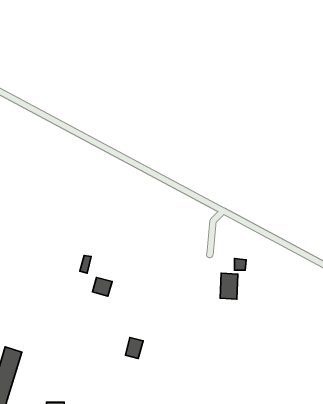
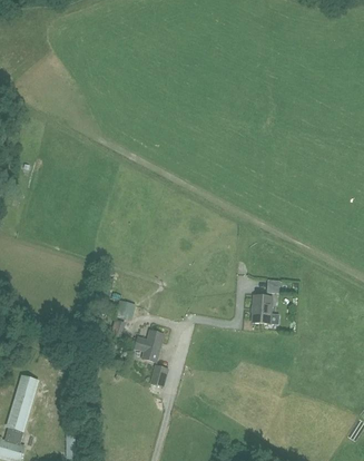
building: none -> [135,331,164,361]

